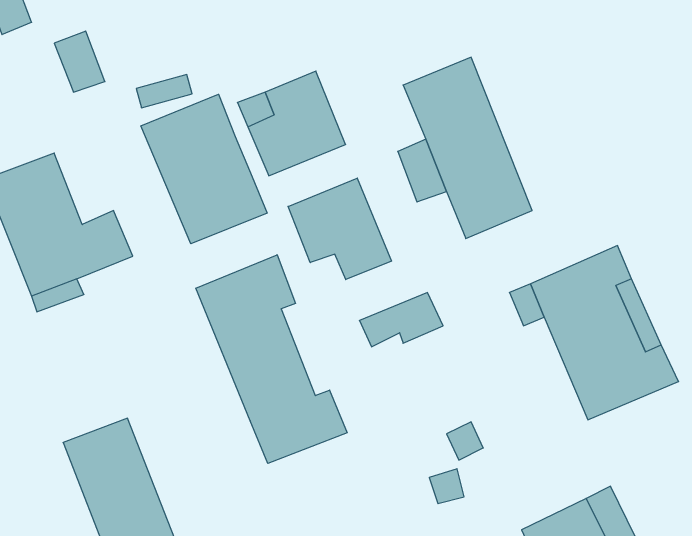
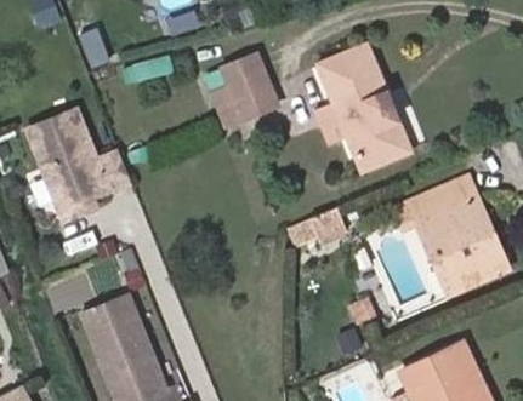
building: [141,94,267,244] -> none
building: [288,178,392,280] -> none
building: [196,255,347,463] -> none

